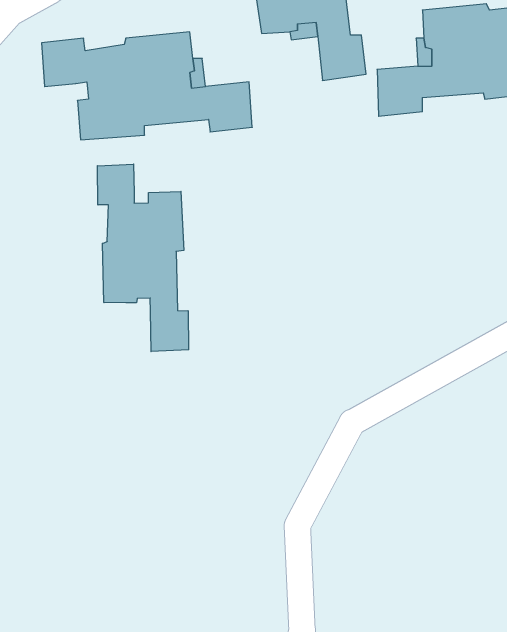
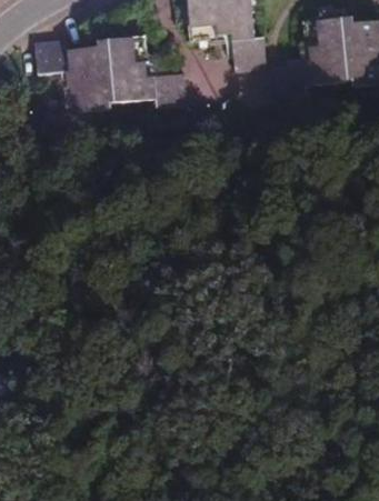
building: [97,164,189,352] -> none

